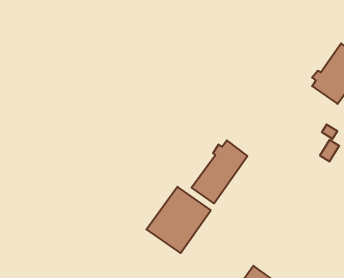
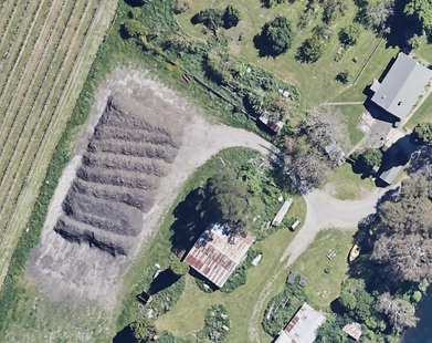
building: [192,140,247,203] -> none

